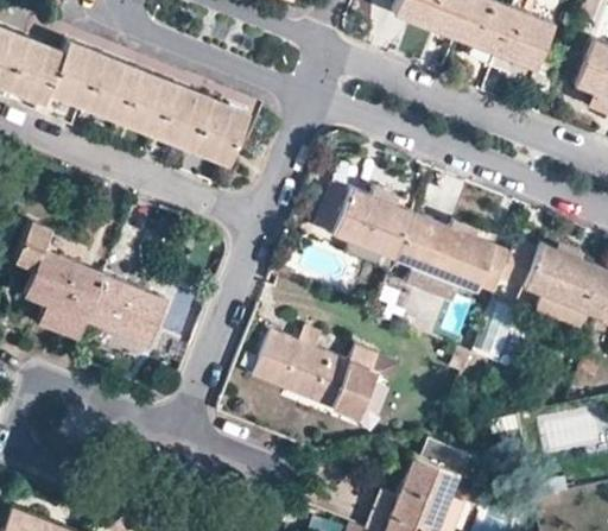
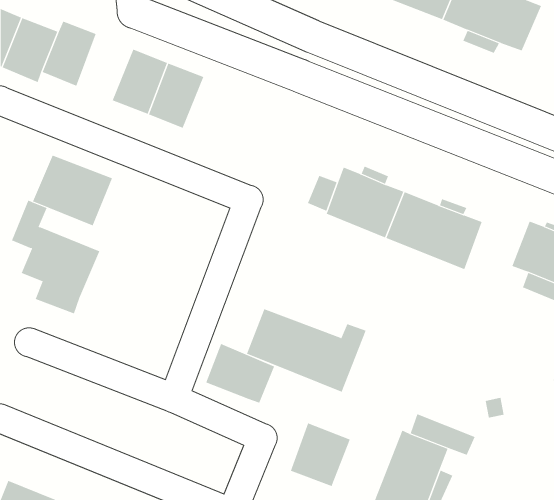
building: [83,53,140,121] -> none
building: [191,97,248,164] -> none
building: [87,274,169,347] -> [32,155,113,226]
building: none -> [205,343,275,404]
building: none -> [290,422,351,487]

